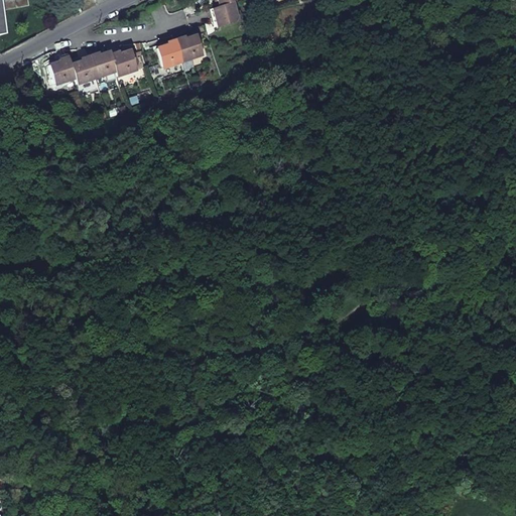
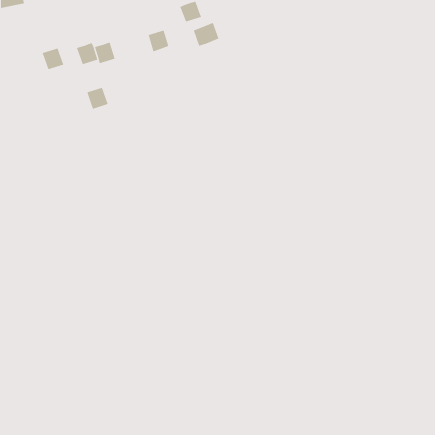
building: none -> [193,22,219,46]
building: [157,41,182,68] -> none
building: [73,56,99,83] -> [86,87,109,109]

